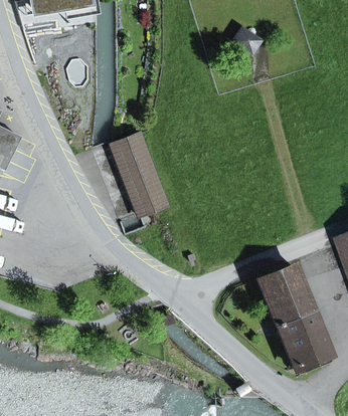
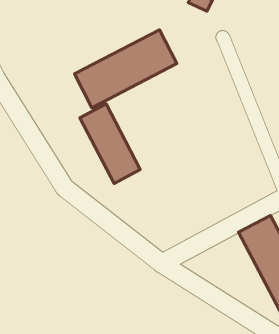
building: none -> [75,30,177,108]

